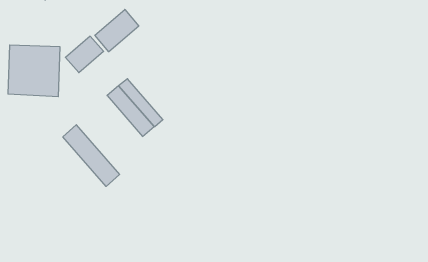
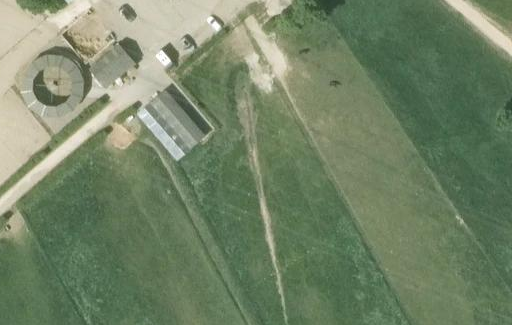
building: [95,9,139,52] -> none
building: [63,125,120,186] -> none

